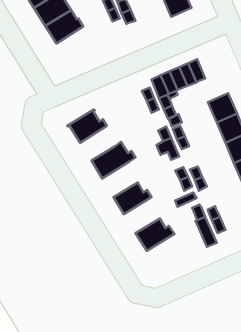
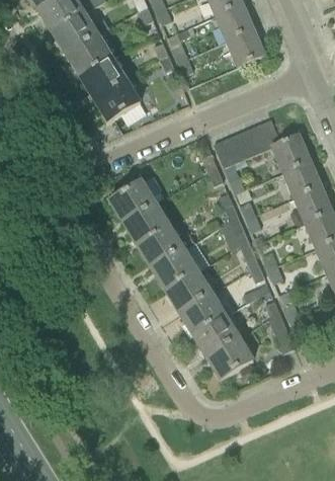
building: none -> [95,78,140,123]
building: none -> [272,136,309,172]
building: none -> [124,202,168,245]
building: none -> [152,246,196,291]
building: none -> [179,291,224,335]
building: none -> [207,336,253,381]

